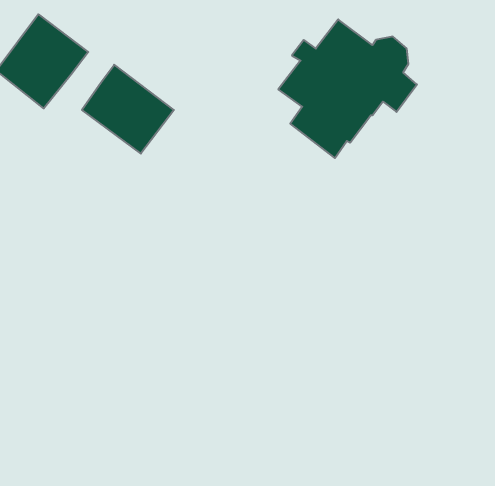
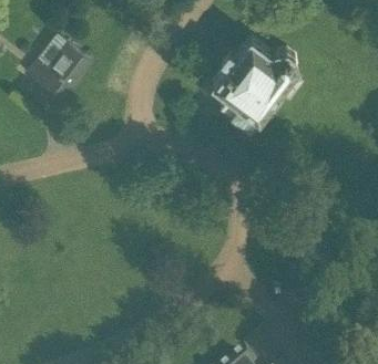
building: [82,65,174,154] -> none

